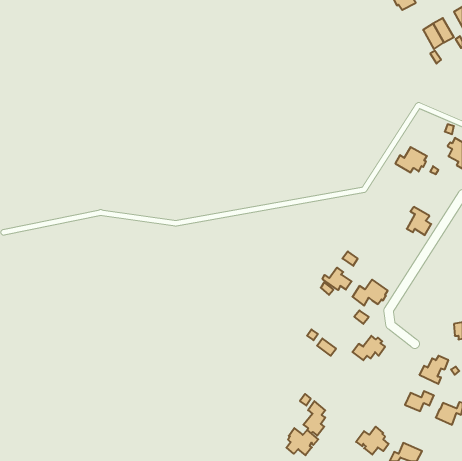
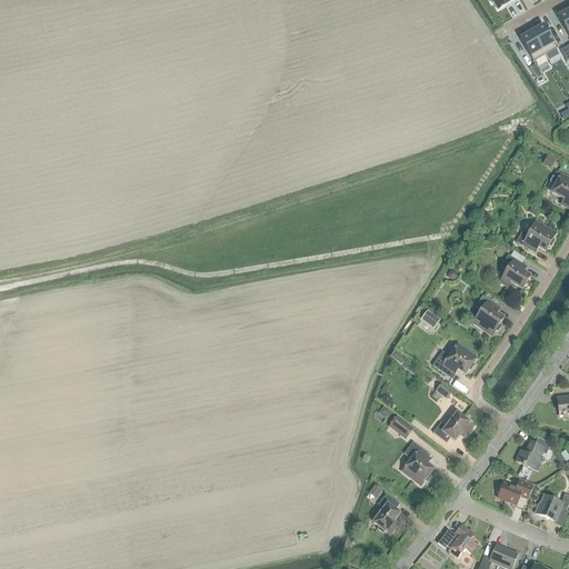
building: [395,147,427,172] -> [517,220,556,251]
building: none -> [473,295,505,333]
building: [323,268,352,290] -> none
building: none -> [402,440,433,483]
building: [286,428,318,455] -> none

